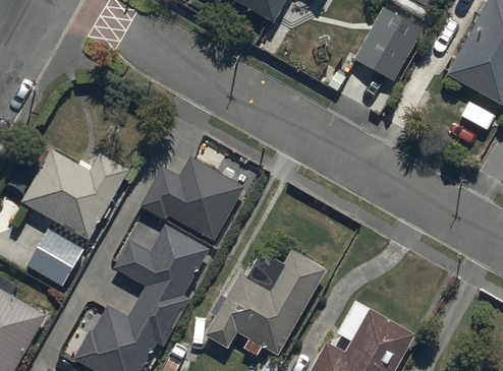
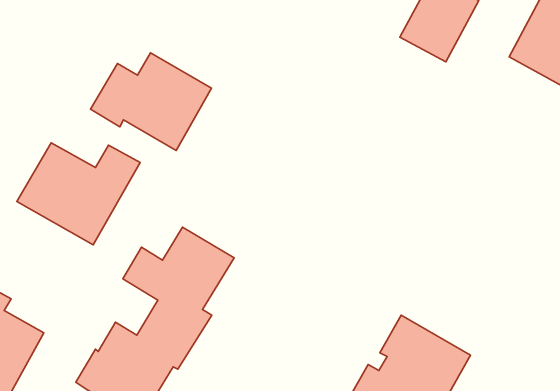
building: [138,158,243,242] -> [91,53,212,150]
building: [25,231,83,287] -> none
building: [205,249,328,356] -> none

